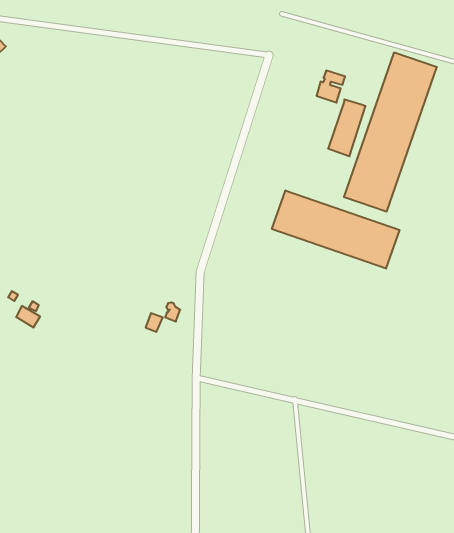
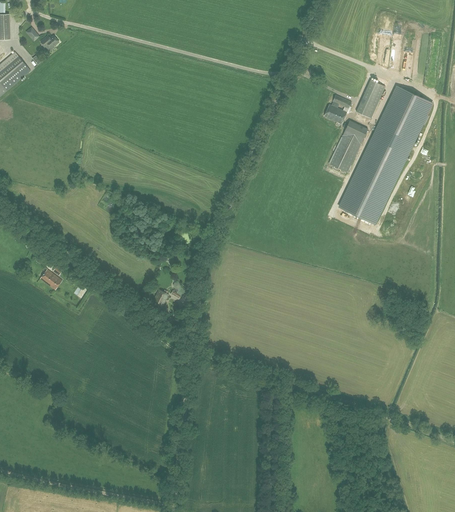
building: none -> [355,79,384,117]
building: [272,190,400,269] -> none

